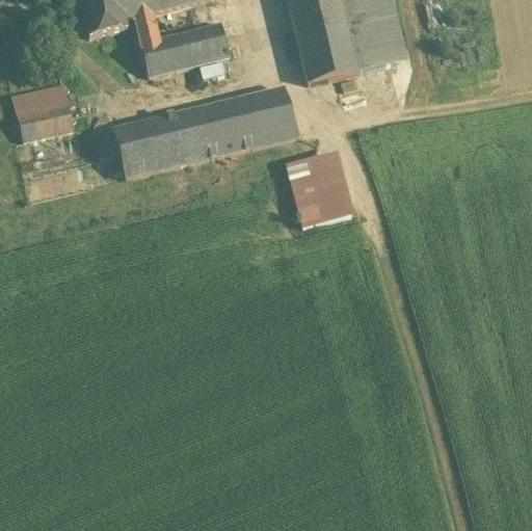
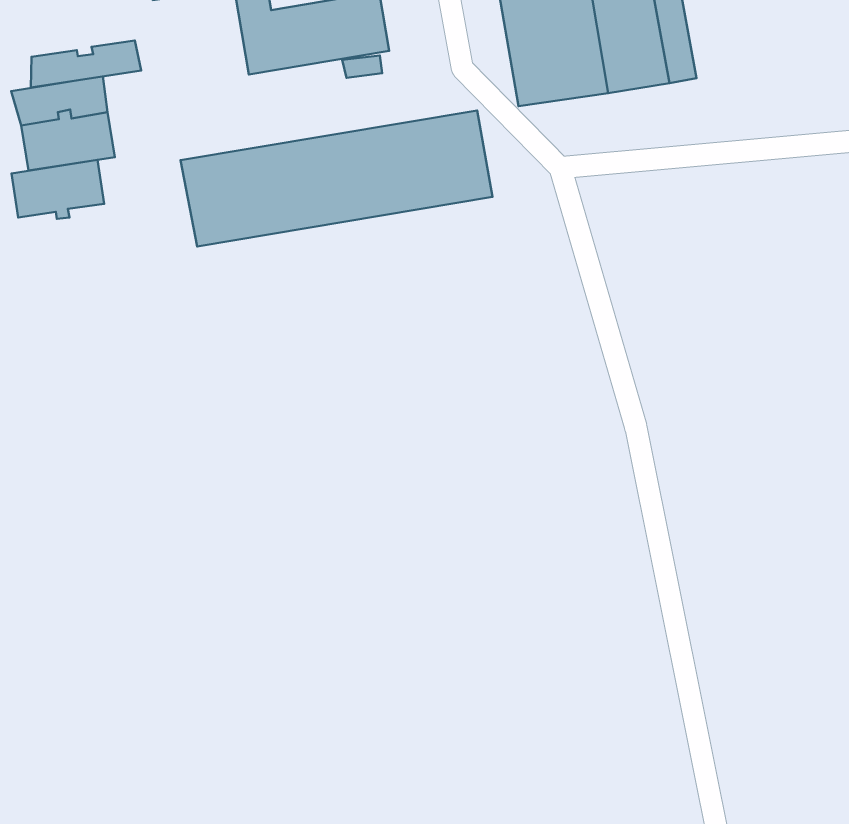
building: none -> [31,41,141,87]
building: none -> [11,160,104,219]
building: [286,152,354,225] -> none

